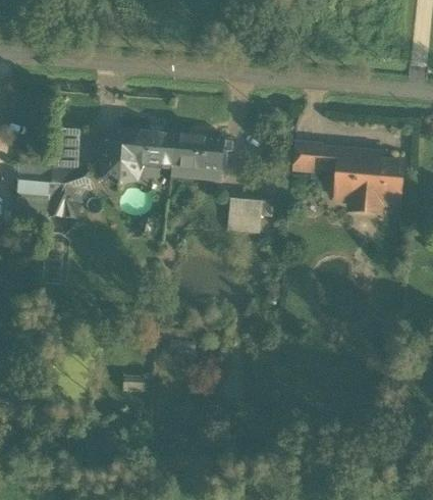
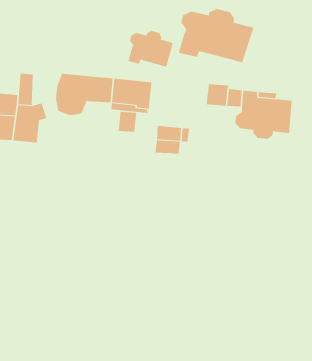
building: none -> [178,8,254,63]
building: none -> [128,30,174,67]
building: none -> [118,111,137,133]

